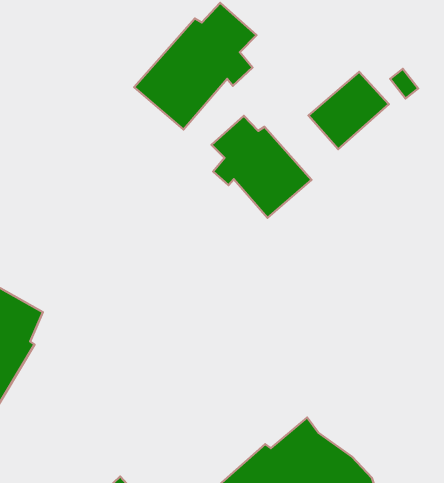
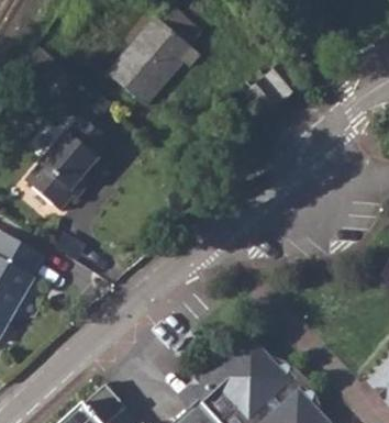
building: [211,116,312,218] -> none
building: none -> [25,119,110,215]

